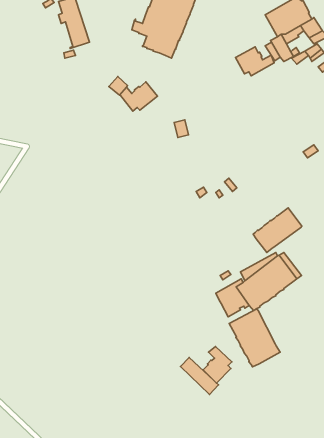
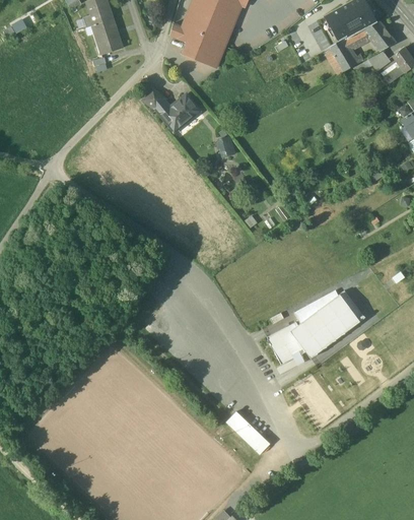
building: [236,47,274,76] -> none
building: [253,208,302,253] -> none
building: [229,309,280,367] -> none
building: [203,347,232,383] -> none

